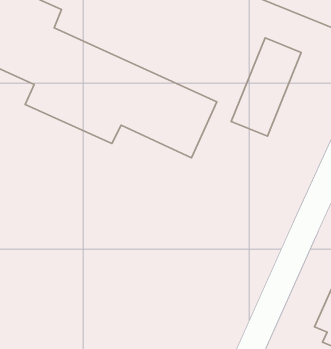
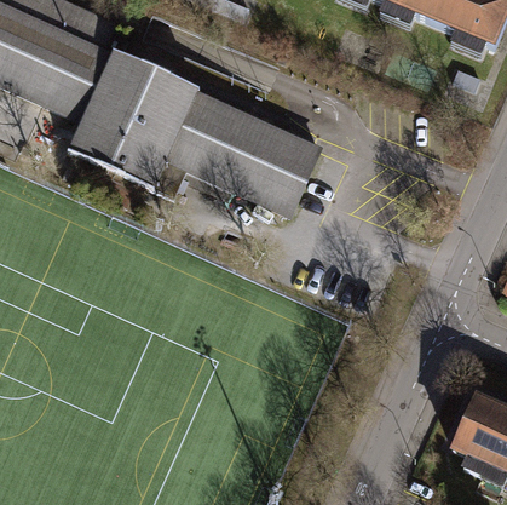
building: [231,38,301,136] -> none

